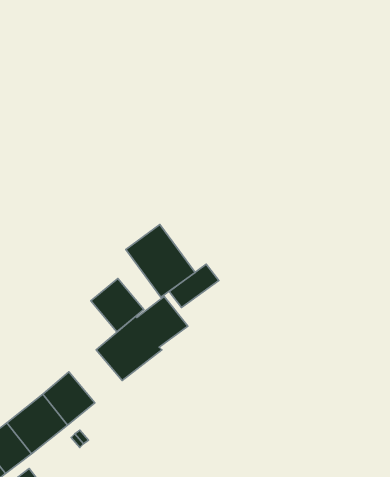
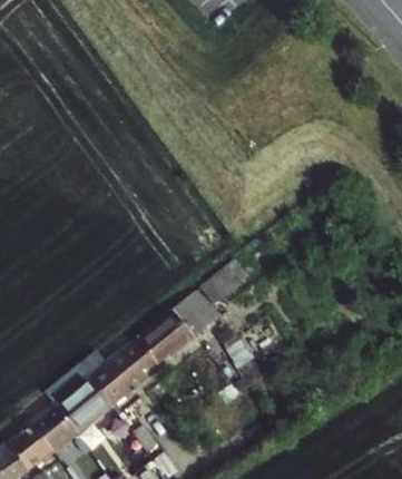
building: [126,225,195,297] -> none
building: [91,279,144,332] -> [92,354,140,402]

